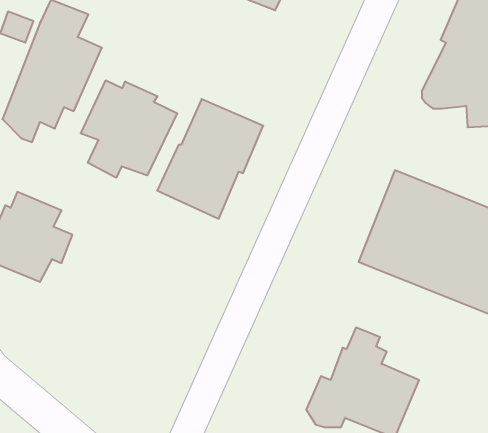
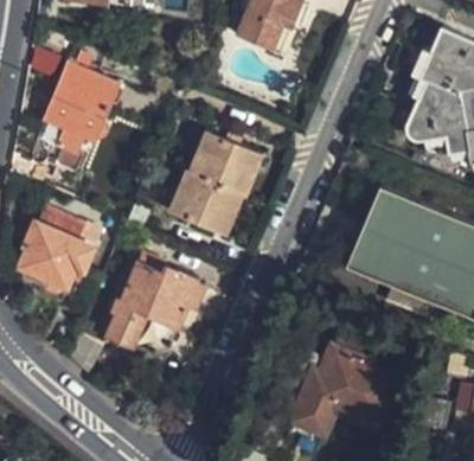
building: [81,80,177,178] -> none
building: none -> [105,262,206,348]

